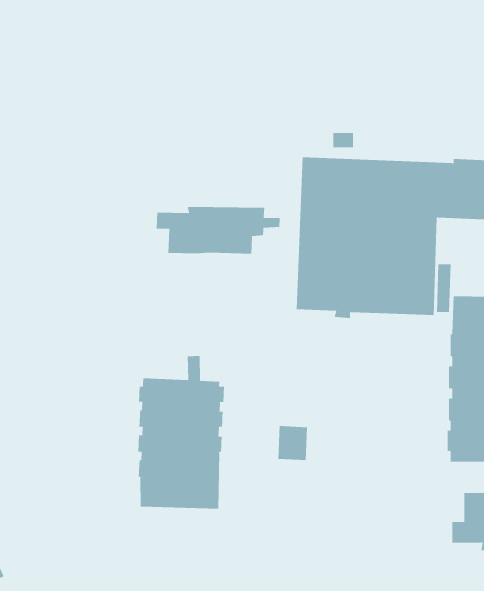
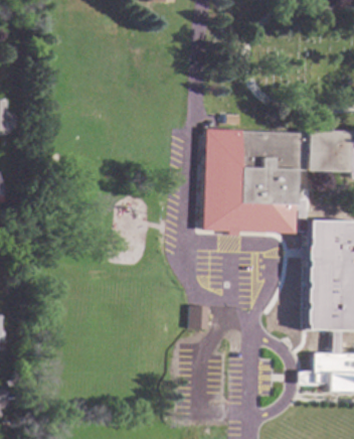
building: [156,206,280,254] -> none
building: [138,355,224,510] -> none

